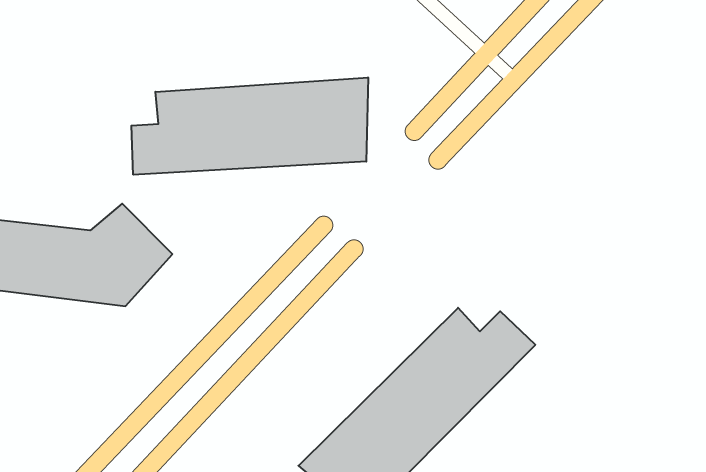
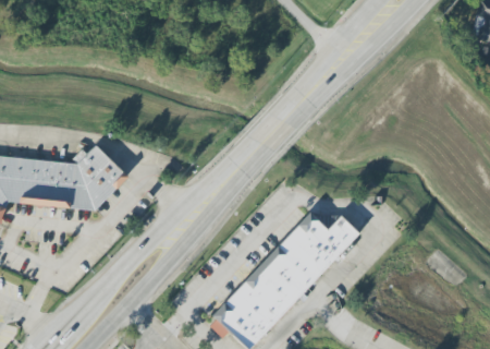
building: [131,77,368,175] -> none

